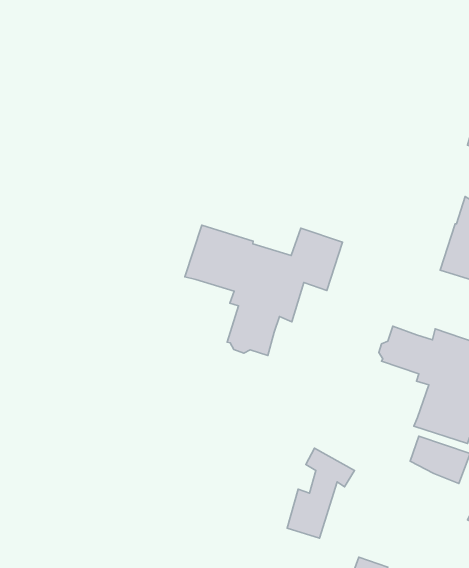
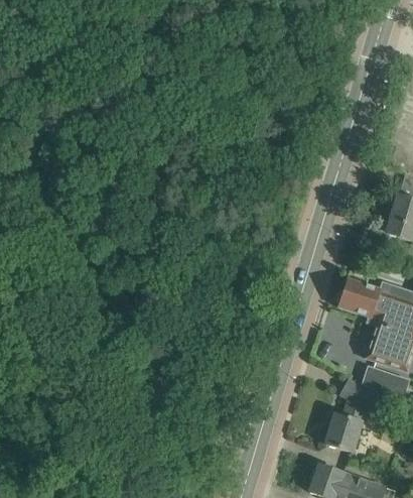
building: [185,225,343,356] -> none
building: [287,448,355,538] -> [326,379,381,452]

